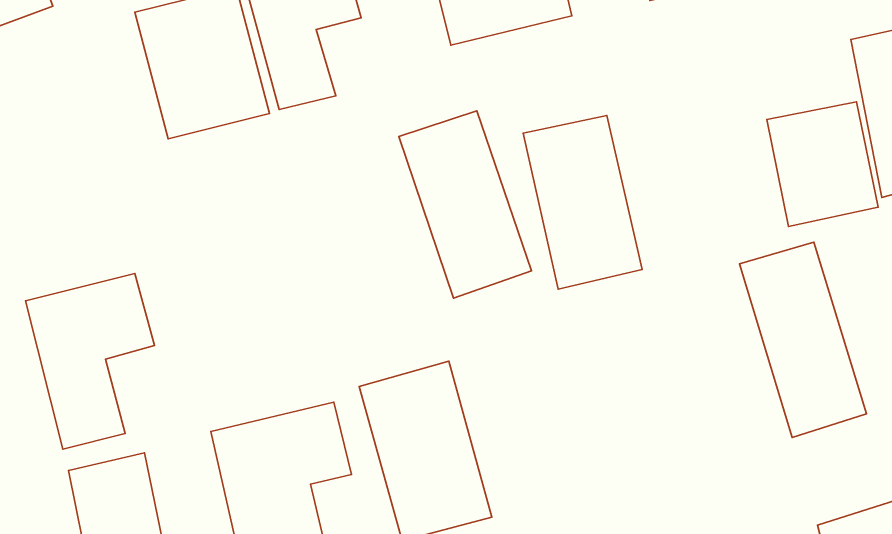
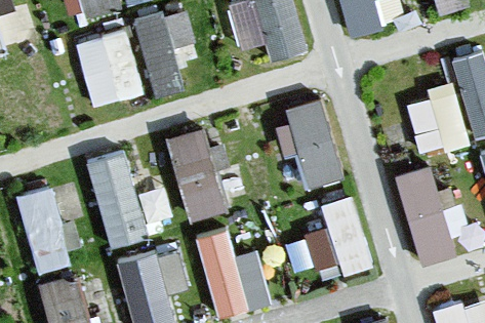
building: [399,111,532,298] -> [161,125,231,224]
building: none -> [85,150,154,248]
building: none -> [300,204,375,282]

